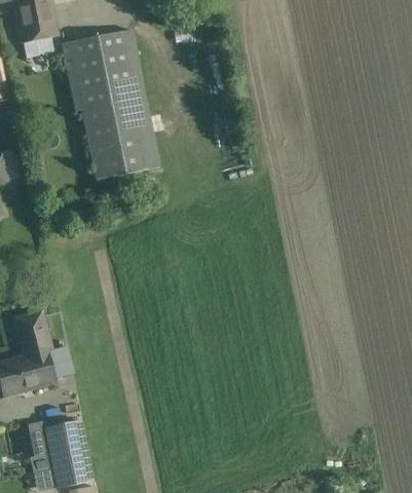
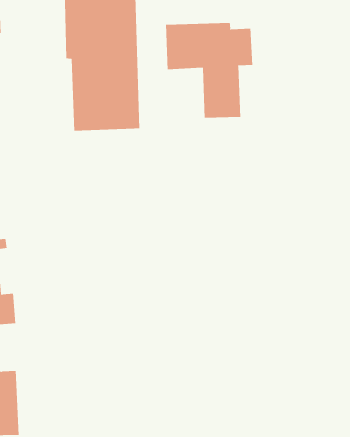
building: none -> [165,22,253,118]

